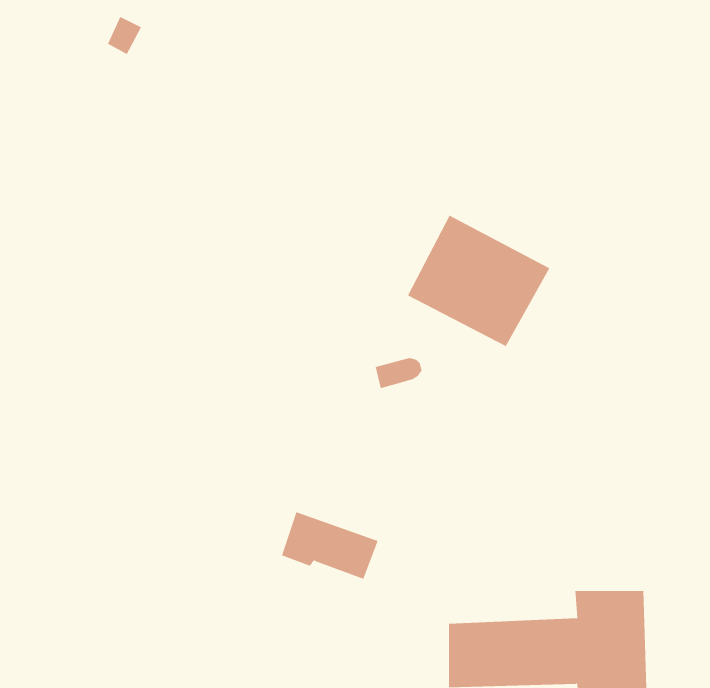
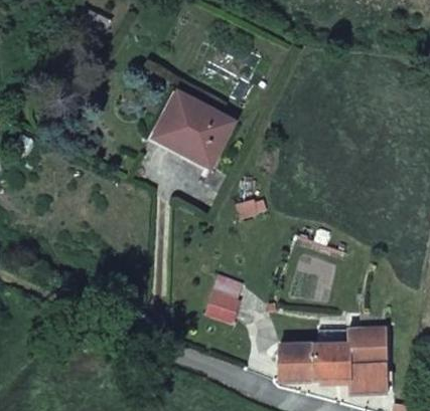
building: [407,215,550,347] -> [155,92,234,165]

